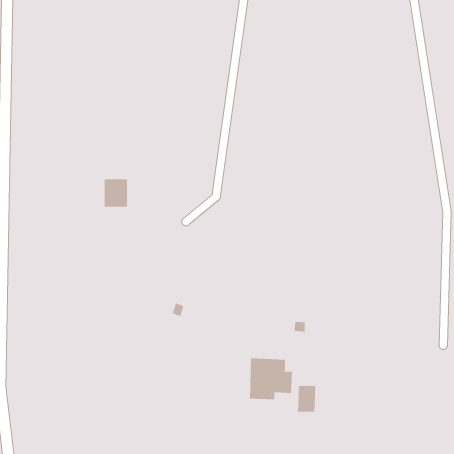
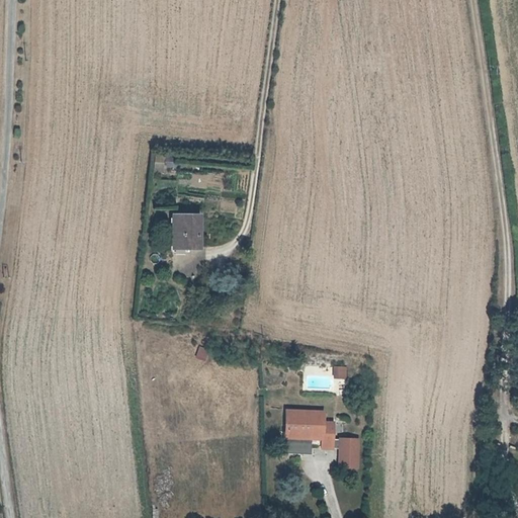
building: [104,179,128,207] -> [174,217,201,249]

